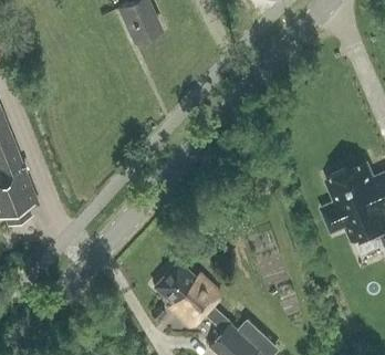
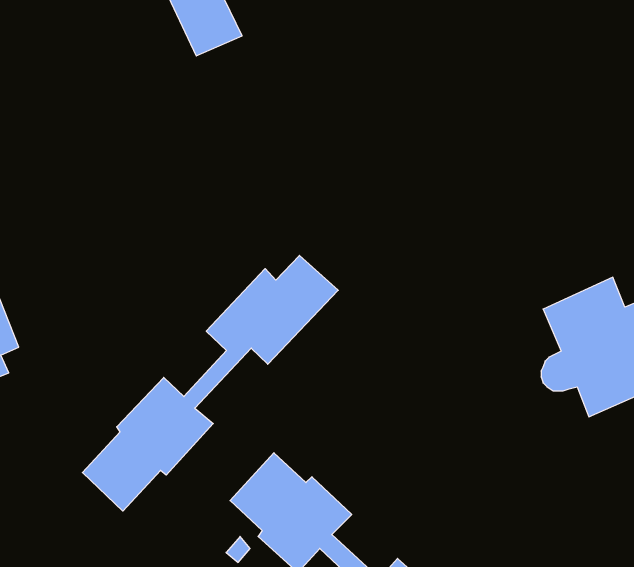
building: none -> [82,255,338,511]

